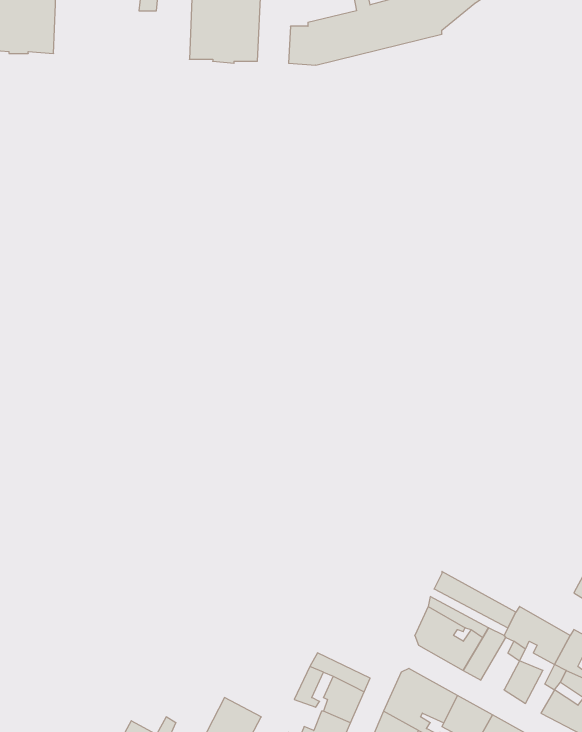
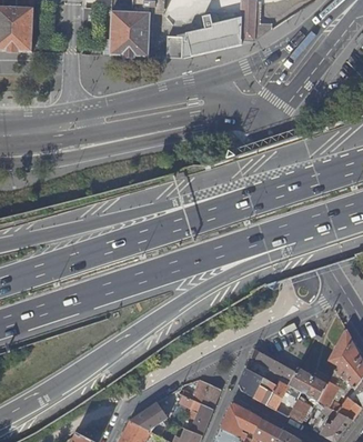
building: none -> [178,380,220,409]
building: none -> [129,402,167,431]

